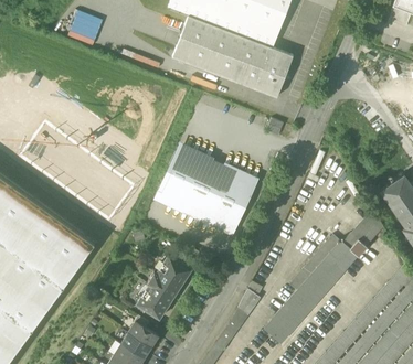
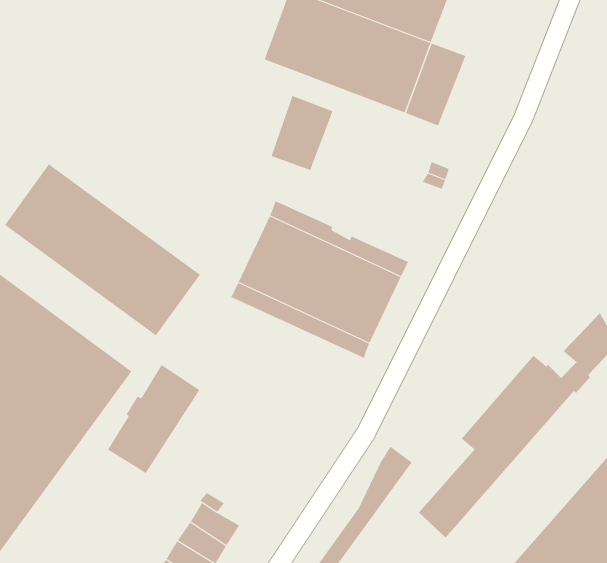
building: none -> [271,95,333,171]
building: [136,254,191,319] -> [107,364,200,474]

